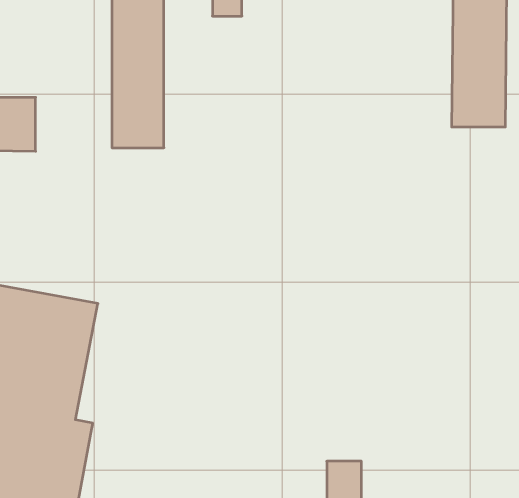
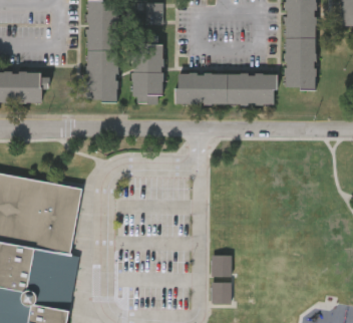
building: none -> [132,36,162,104]
building: none -> [175,73,275,105]
building: none -> [212,256,232,277]

